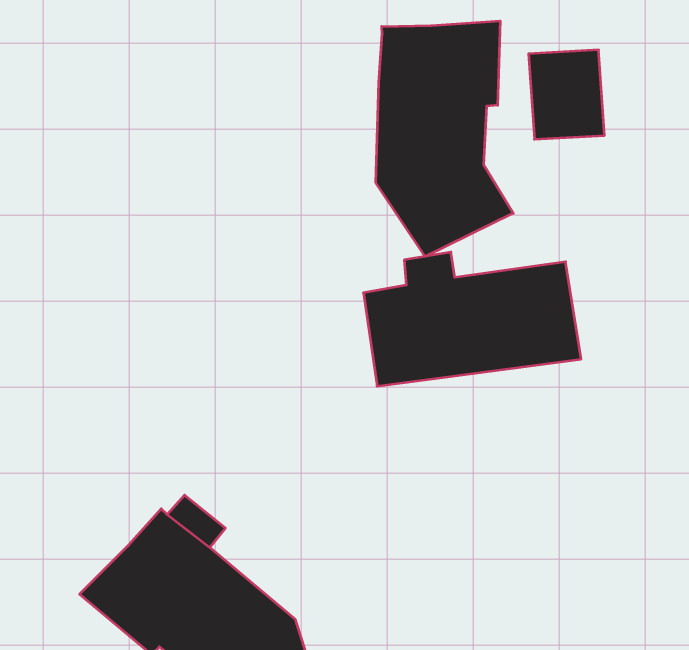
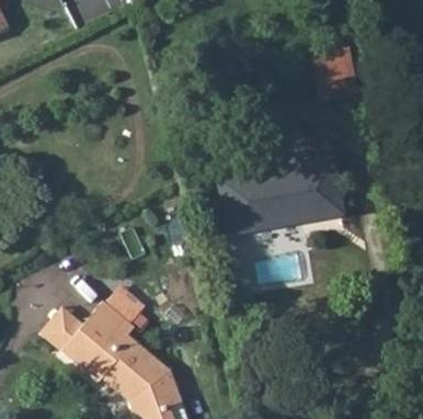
building: [376,21,513,256] -> none
building: none -> [39,307,85,351]

